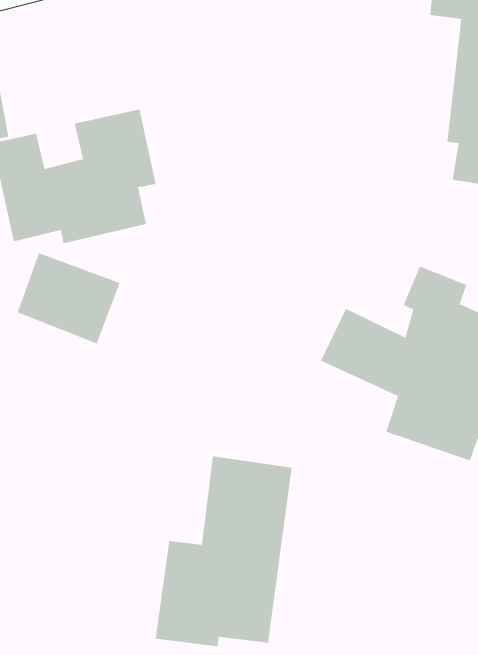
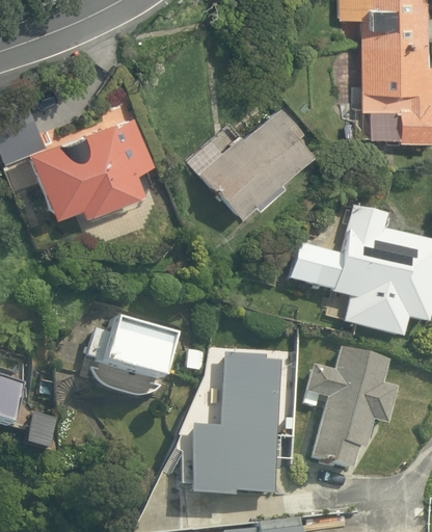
building: none -> [201,102,319,216]
building: [17,252,121,344] -> [111,321,184,382]
building: none -> [304,346,399,469]

